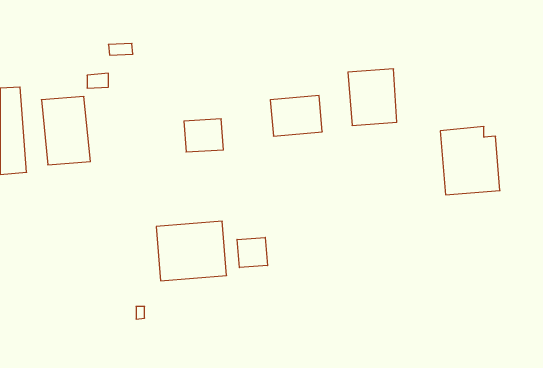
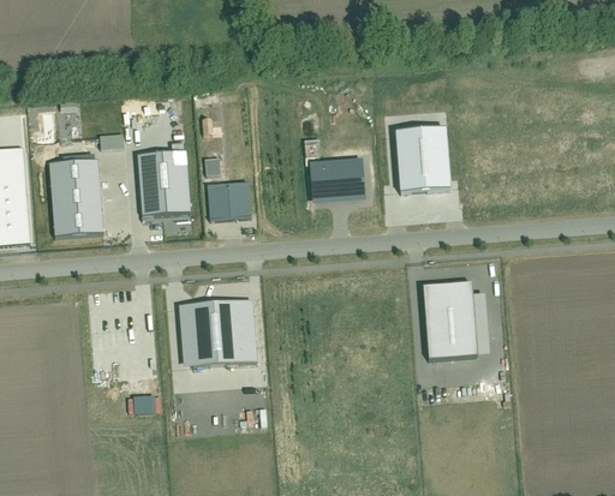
building: none -> [138,150,191,214]
building: [440,127,500,195] -> [419,281,486,358]
building: [237,237,268,268] -> none

